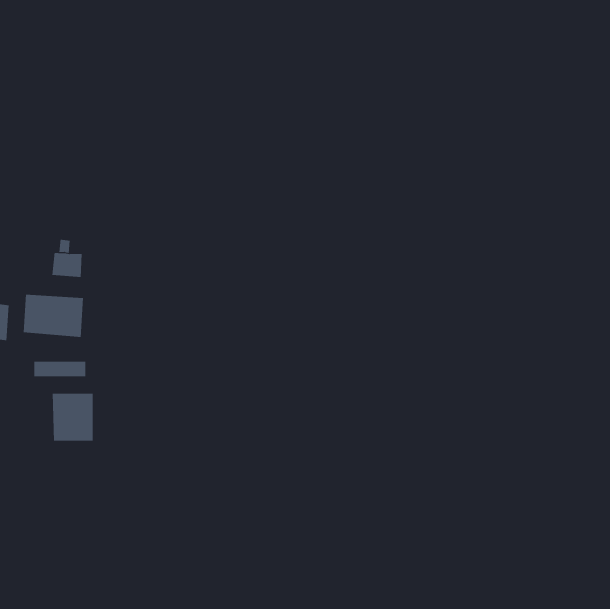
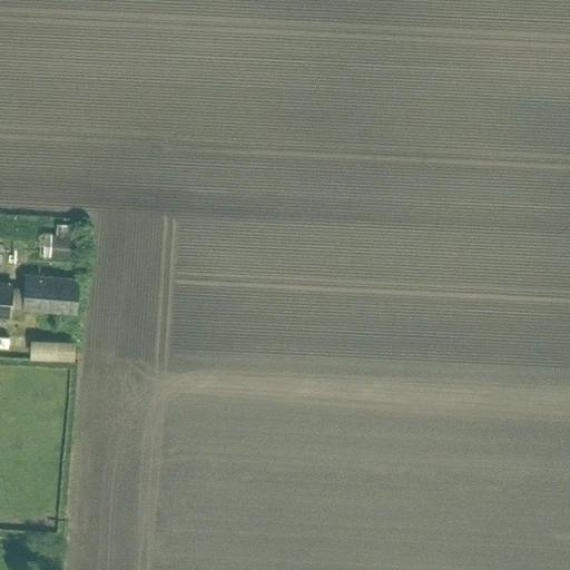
building: [52,393,93,441] -> none

